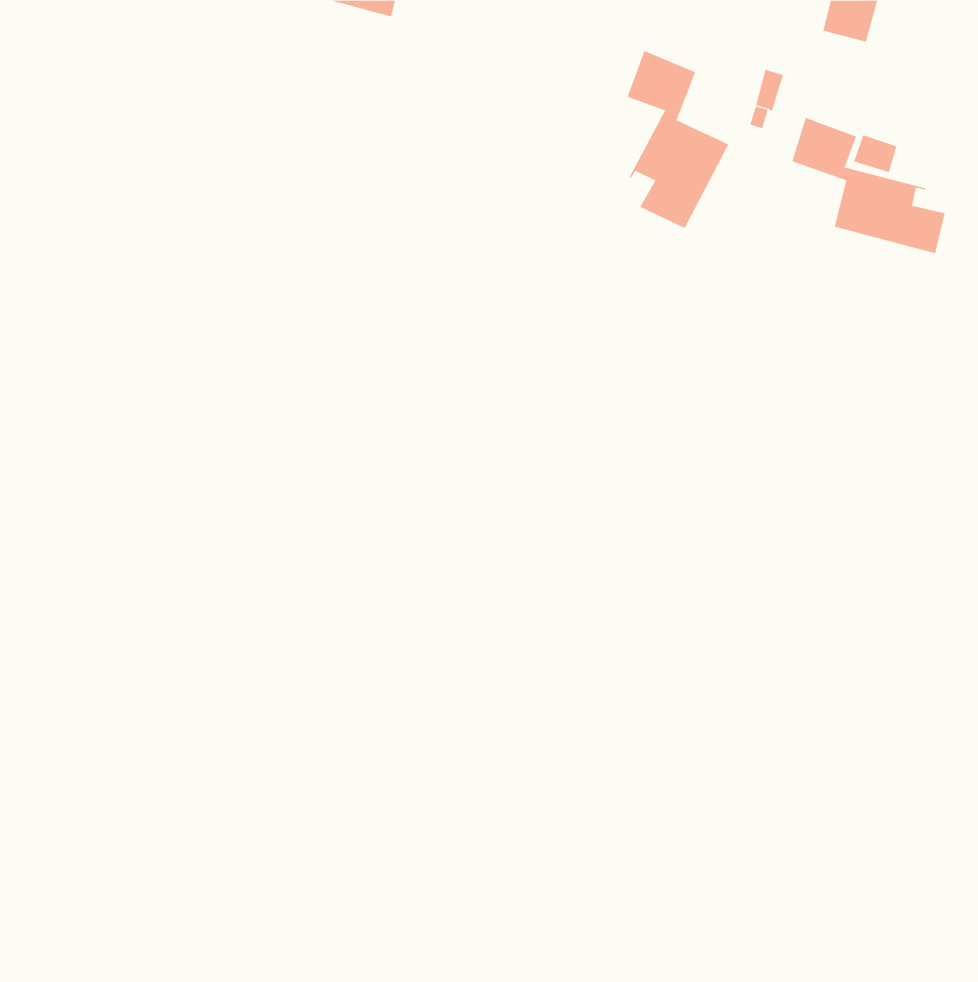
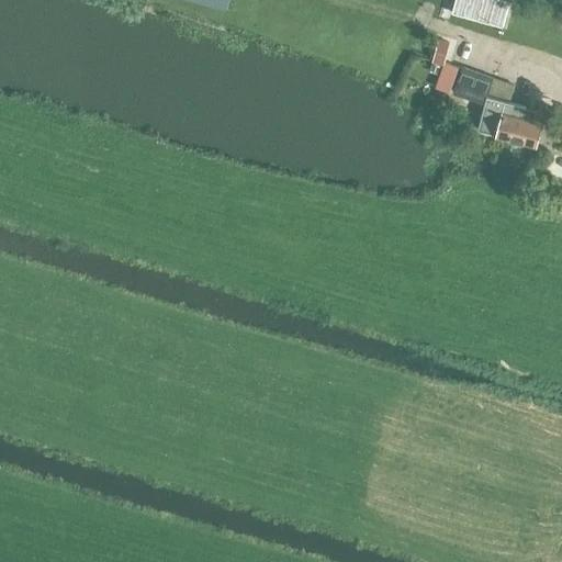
building: [627,50,729,229] -> none

